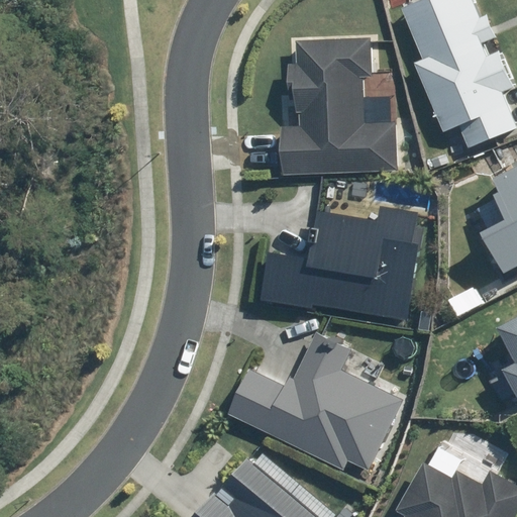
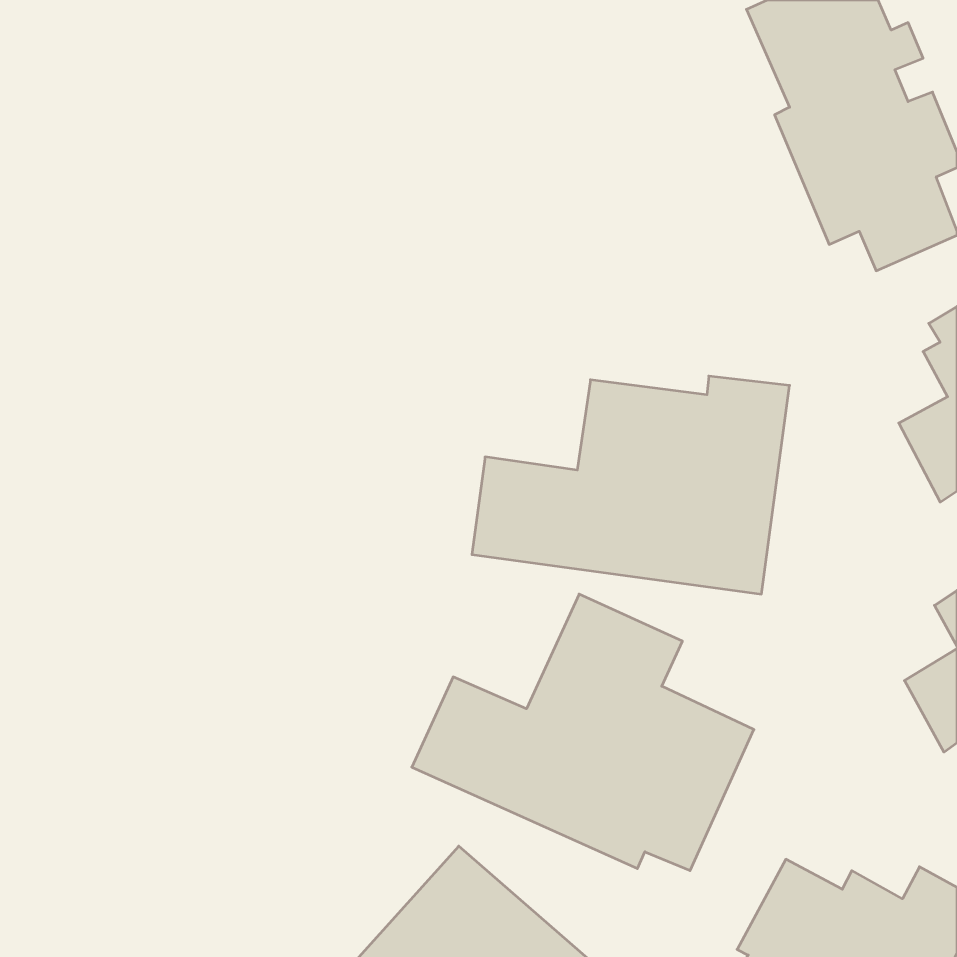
building: [282,42,400,173] -> none

